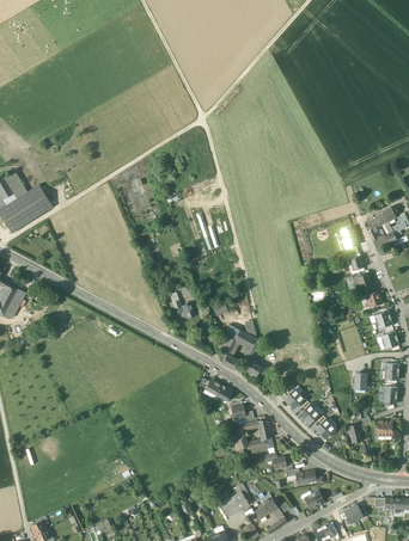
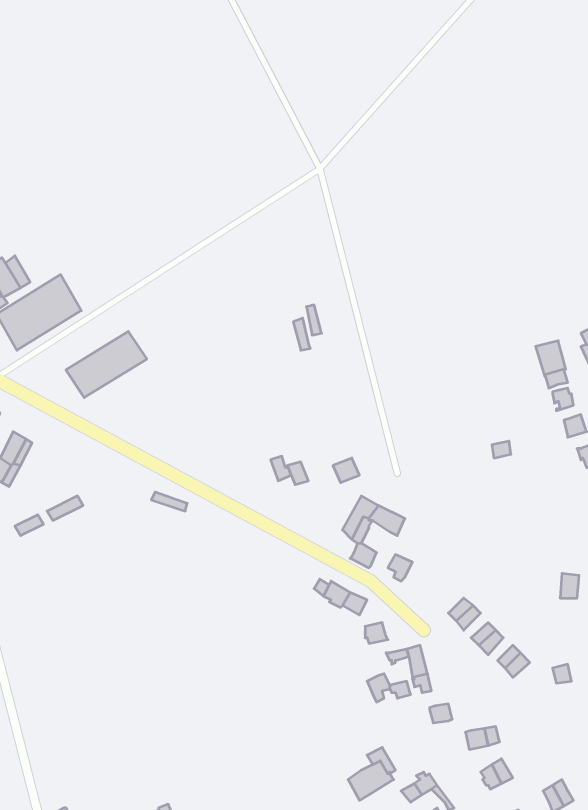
building: none -> [66,331,147,398]

